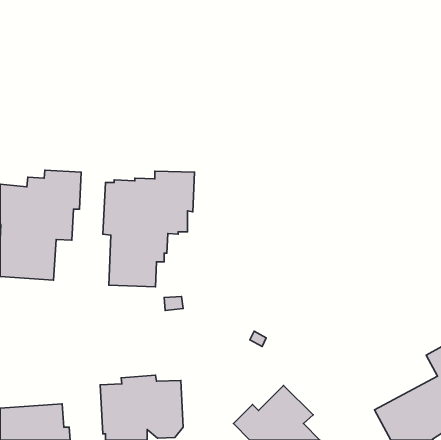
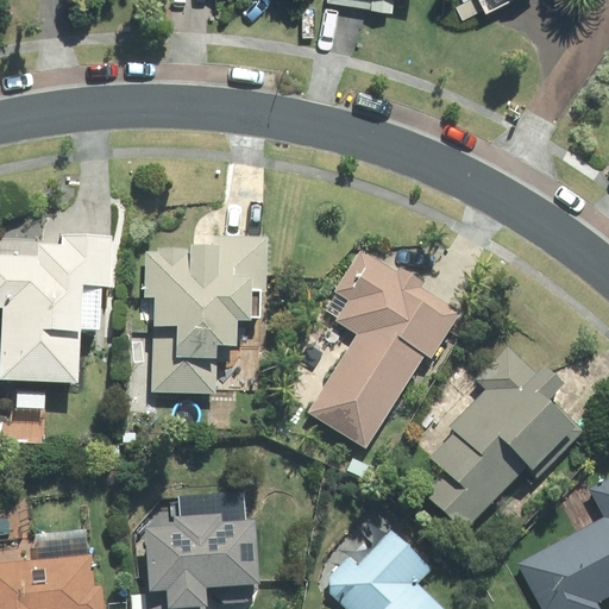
building: none -> [307,249,460,450]
building: none -> [421,347,583,534]

